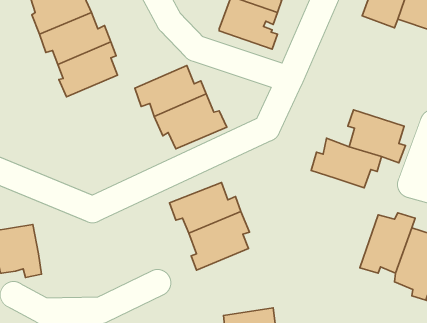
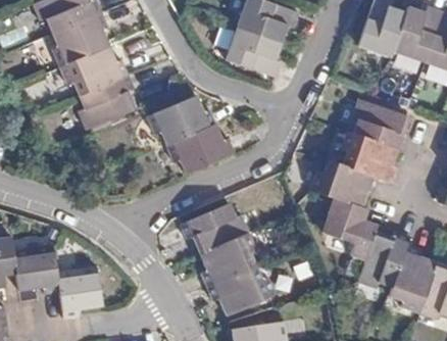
building: none -> [359,102,413,153]
building: none -> [319,200,379,276]
building: none -> [56,265,103,320]
building: none -> [205,266,274,316]

